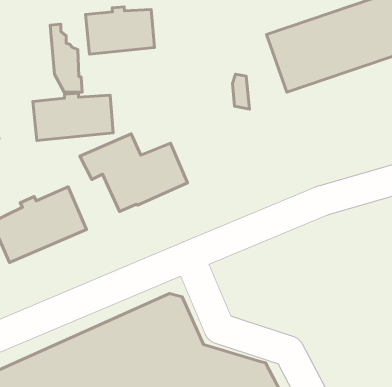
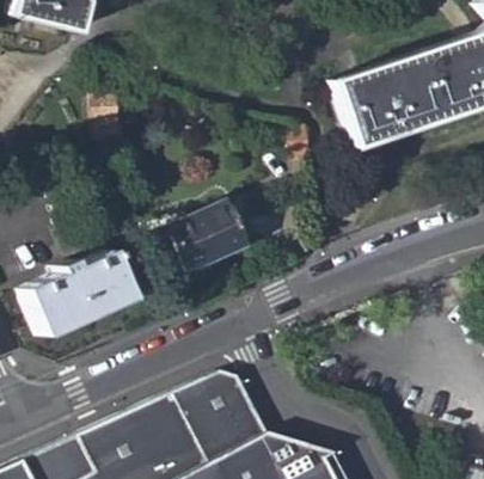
building: [85,7,154,54] -> none
building: [33,93,113,140] -> none

